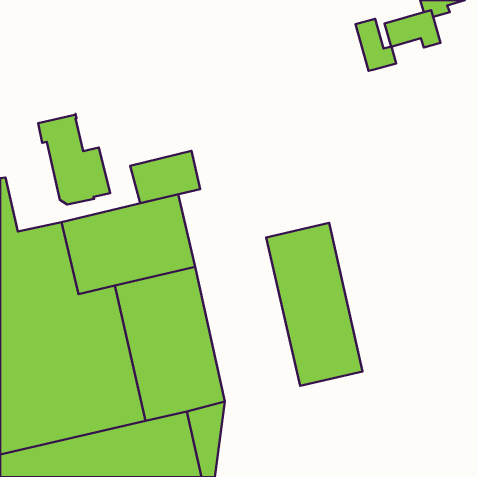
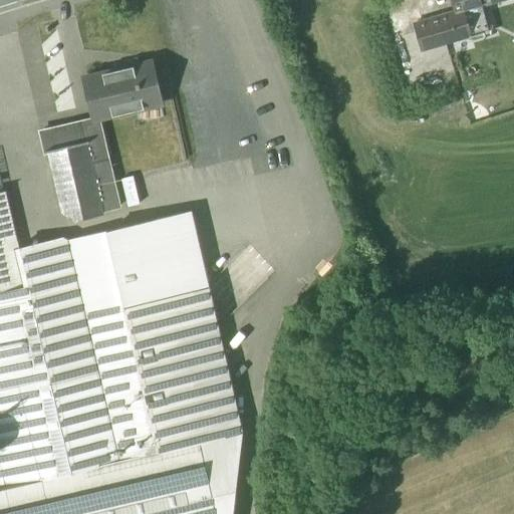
building: [356,19,396,71] -> none
building: none -> [81,123,107,163]
building: [130,151,200,203] -> [86,63,162,119]
building: [266,223,362,386] -> none

